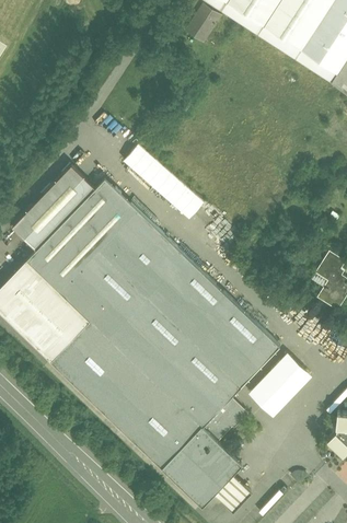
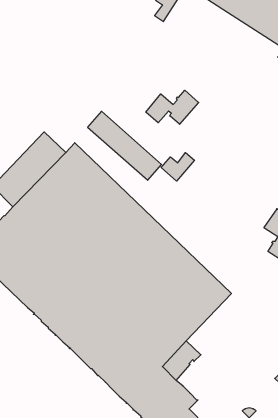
building: none -> [146,90,199,124]
building: none -> [161,153,194,181]
building: [250,353,311,415] -> none

